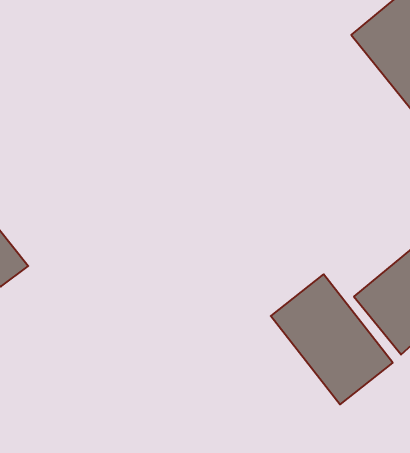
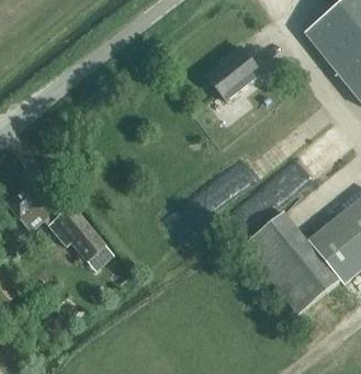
building: none -> [206,43,267,103]
building: none -> [47,202,106,261]

